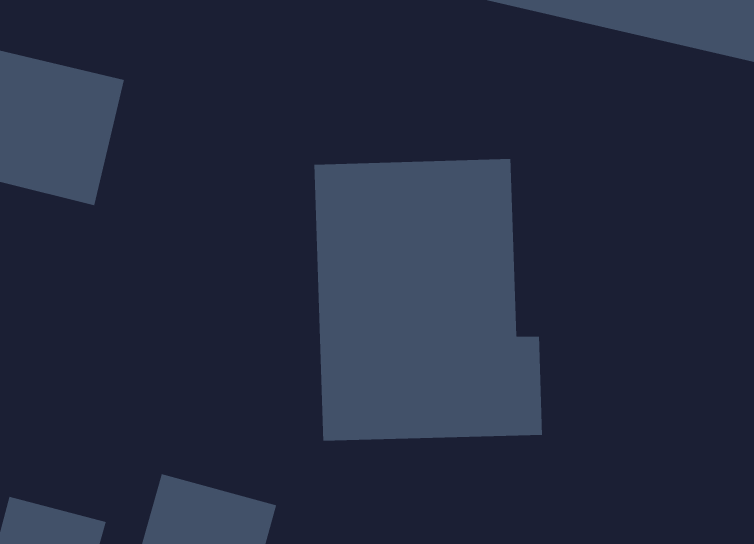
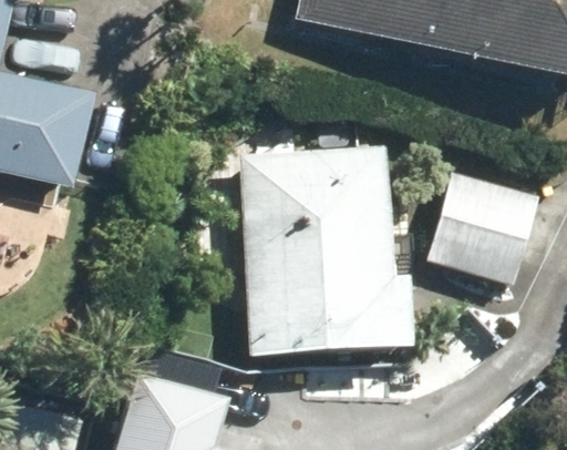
building: none -> [424,167,539,288]

